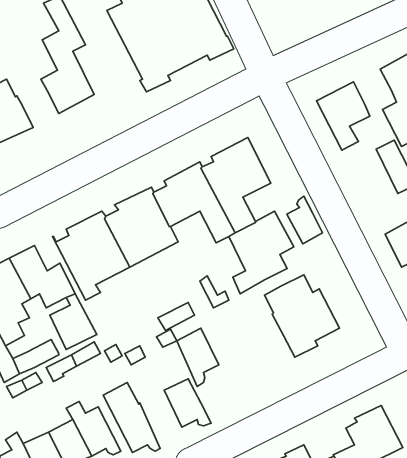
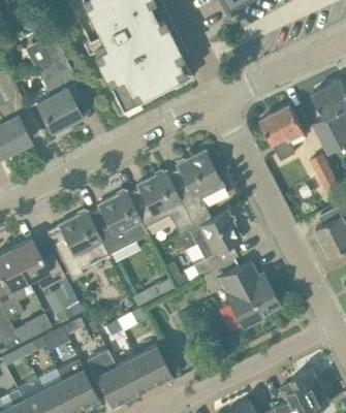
building: [287,196,323,244] -> none
building: [177,328,219,386] -> [117,355,151,403]

